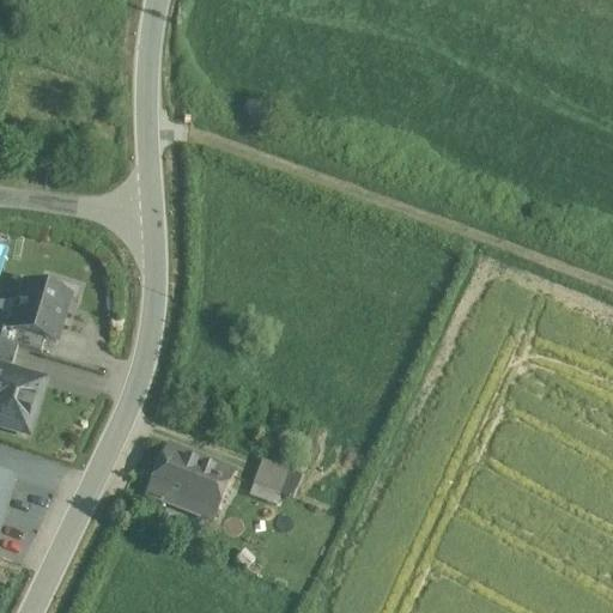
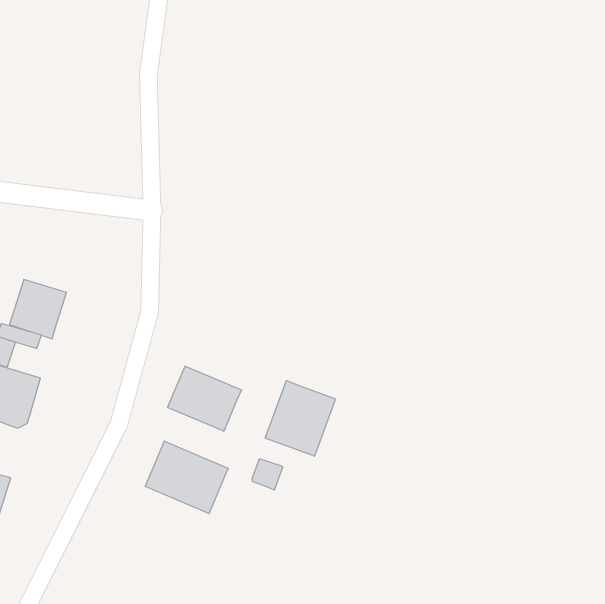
building: none -> [168,366,241,431]
building: none -> [265,381,336,456]

